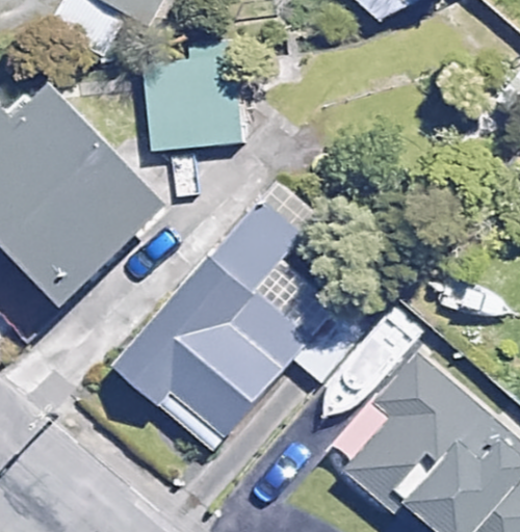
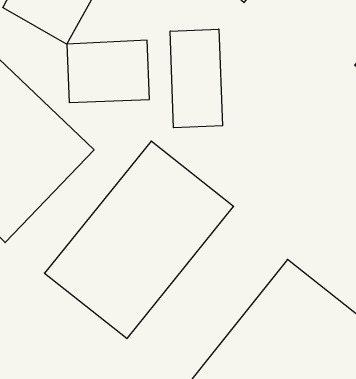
building: none -> [170,29,223,128]

